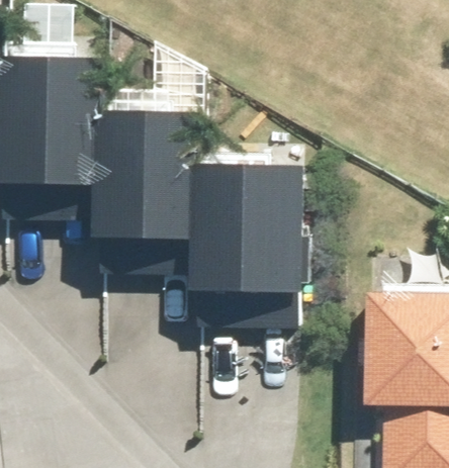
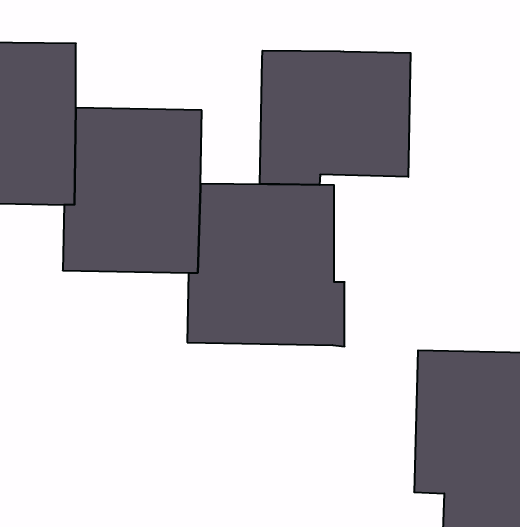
building: none -> [260,51,411,185]

